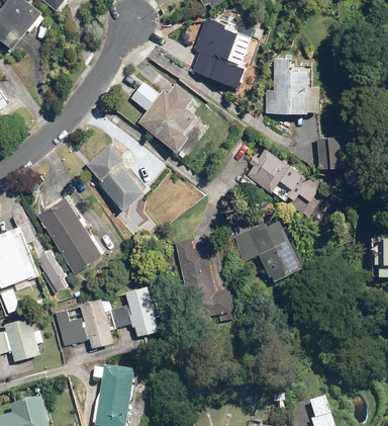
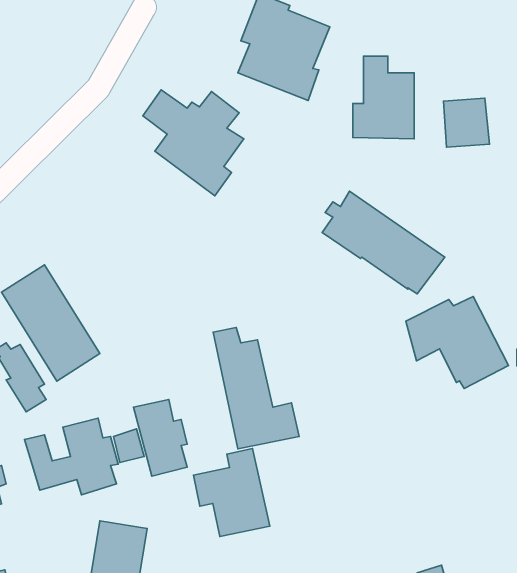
building: [318,136,349,168] -> [443,98,489,147]
building: [85,143,143,210] -> none
building: [236,220,304,280] -> [406,297,509,389]
building: none -> [193,449,270,537]

